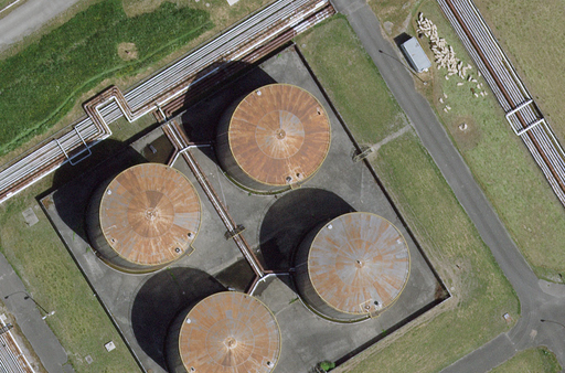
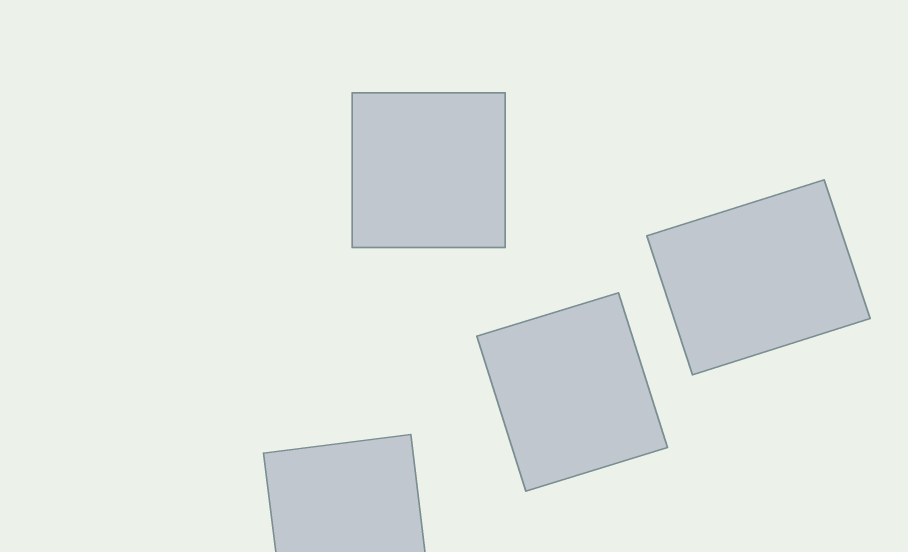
building: none -> [647,180,870,375]
building: [97,167,189,263] -> none

